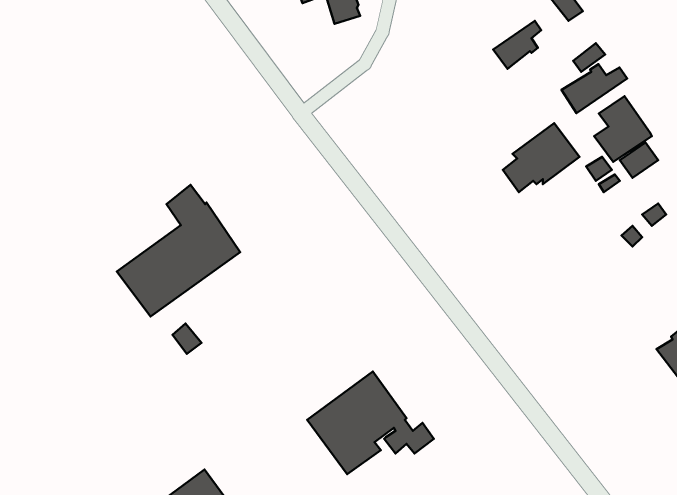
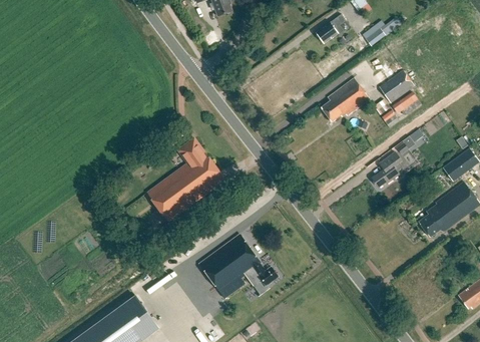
building: [562,64,627,113] -> none
building: [117,185,240,316] -> [147,138,224,221]
building: none -> [372,151,403,187]

